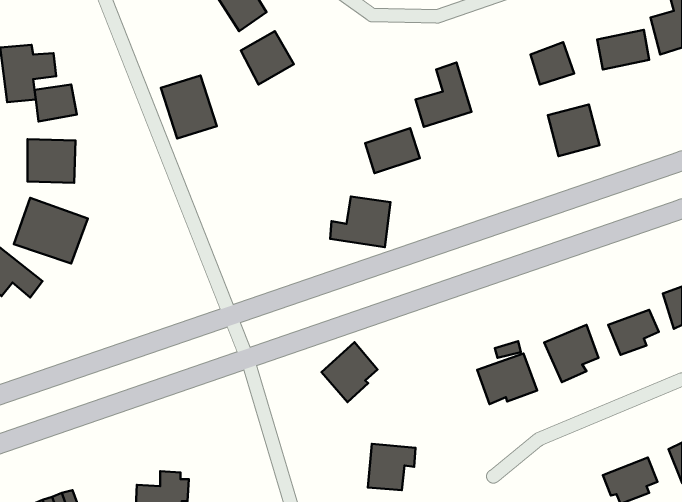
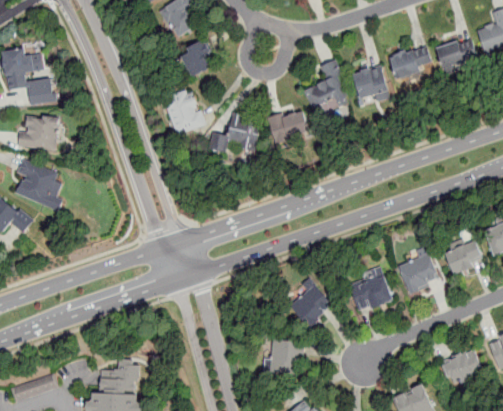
building: [161,76,217,138] -> [163,89,204,135]
building: [548,104,600,156] -> [351,63,389,101]
building: [330,197,390,247] -> [214,115,258,152]
building: [322,342,378,402] -> [291,285,332,329]

